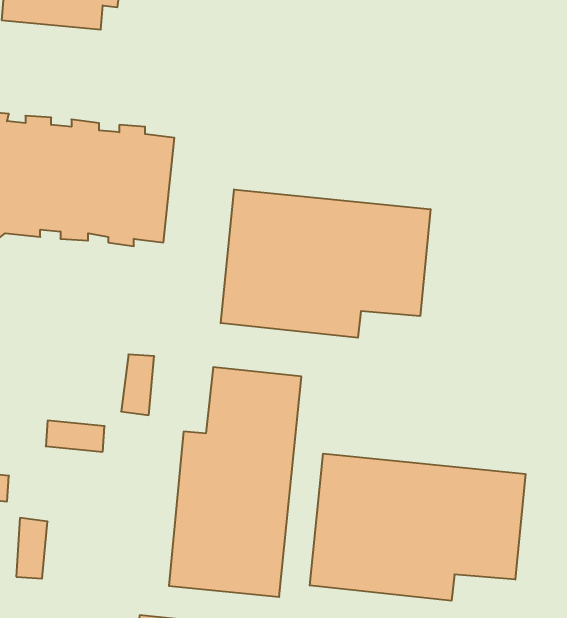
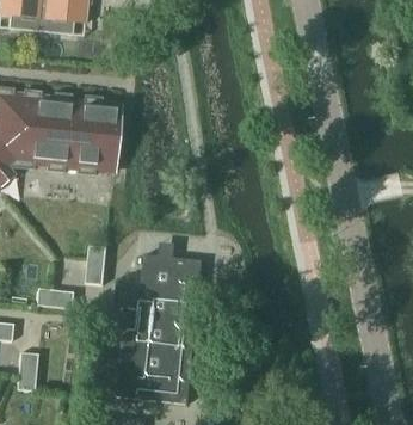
building: [221,189,430,338] -> none
building: [310,454,525,601] -> none

